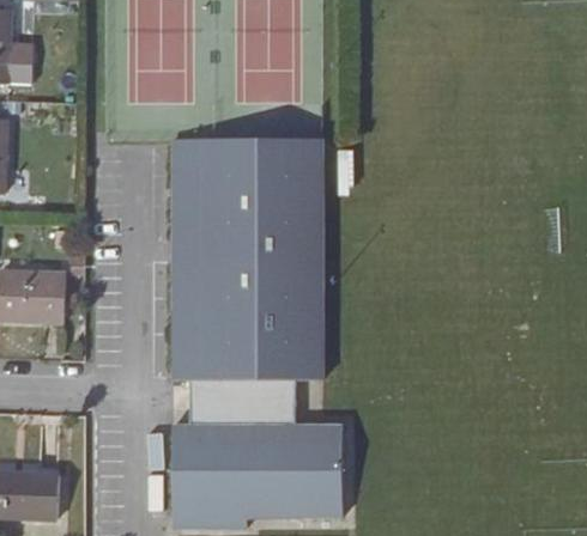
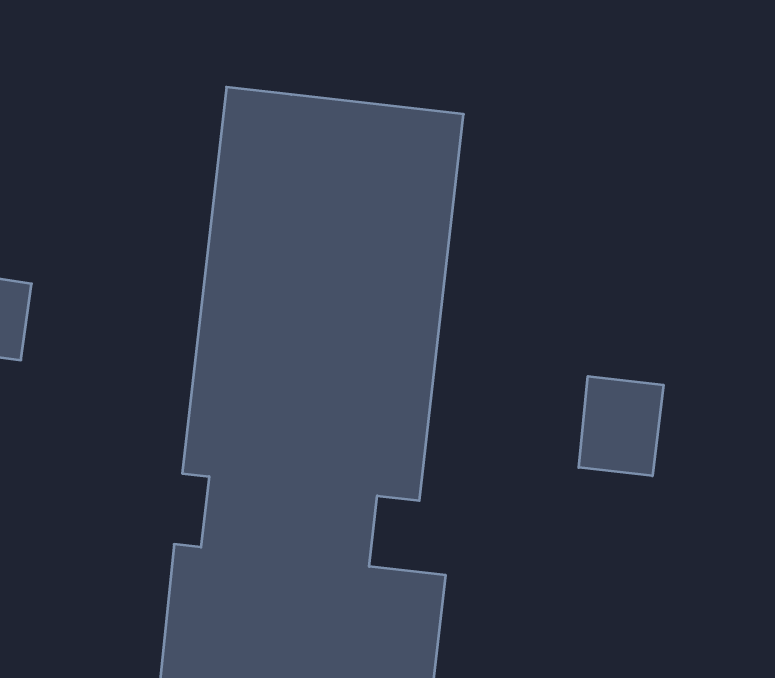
building: none -> [579,376,663,476]

